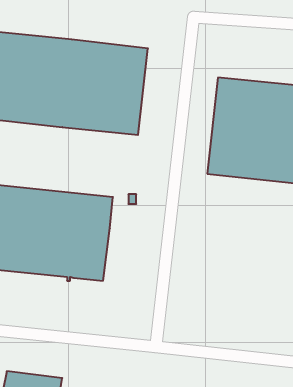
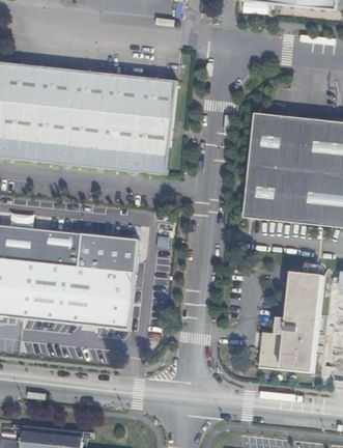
building: none -> [257,273,320,372]

